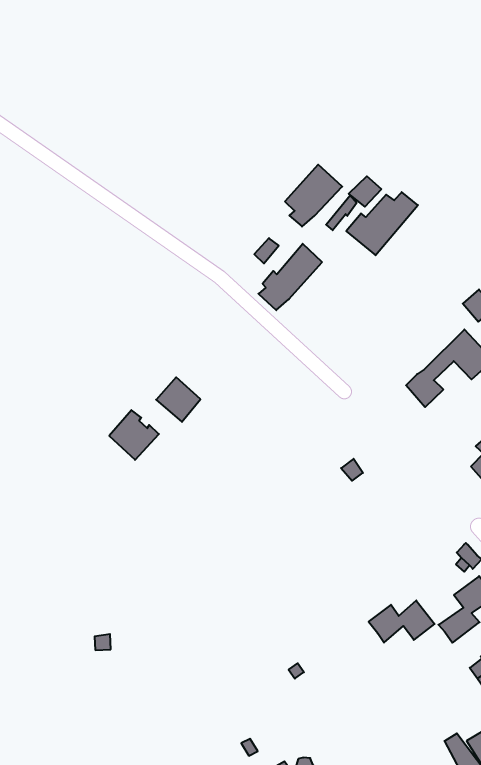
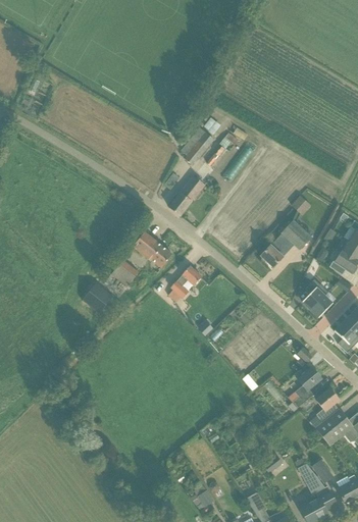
building: none -> [134,232,172,268]
building: none -> [168,266,202,303]
building: [369,600,435,643] -> none

